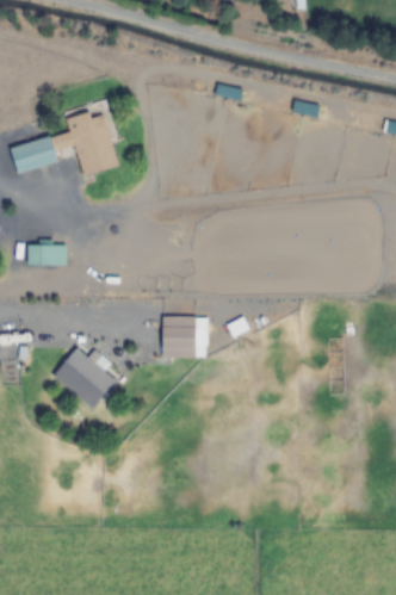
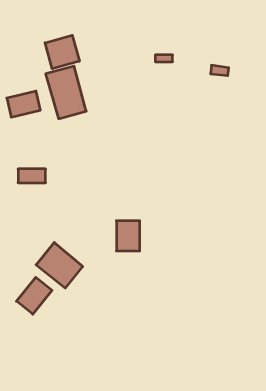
building: none -> [45,35,79,69]
building: none -> [16,277,52,314]

